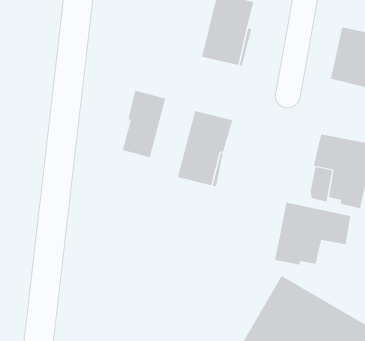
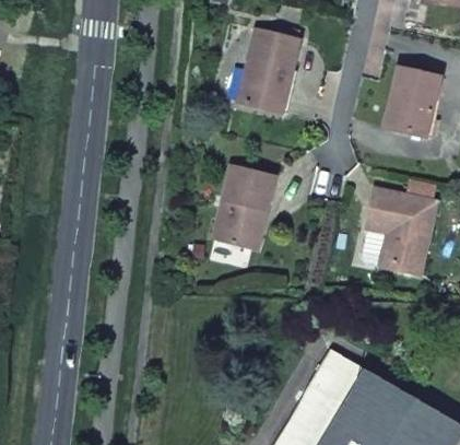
building: [122,90,166,158] -> none
building: [274,202,351,265] -> none

